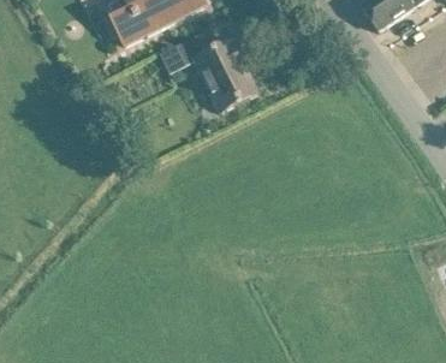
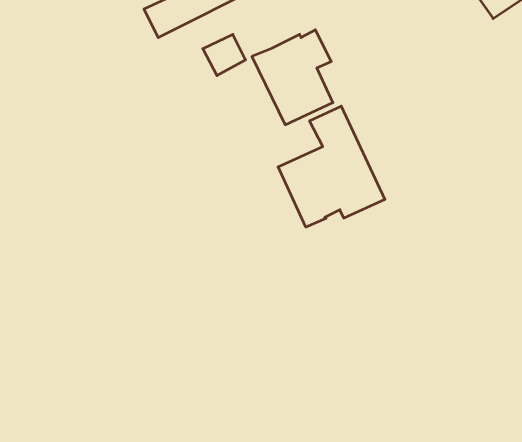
building: none -> [278,106,385,227]

